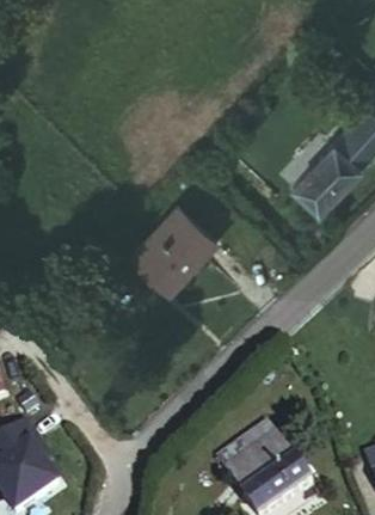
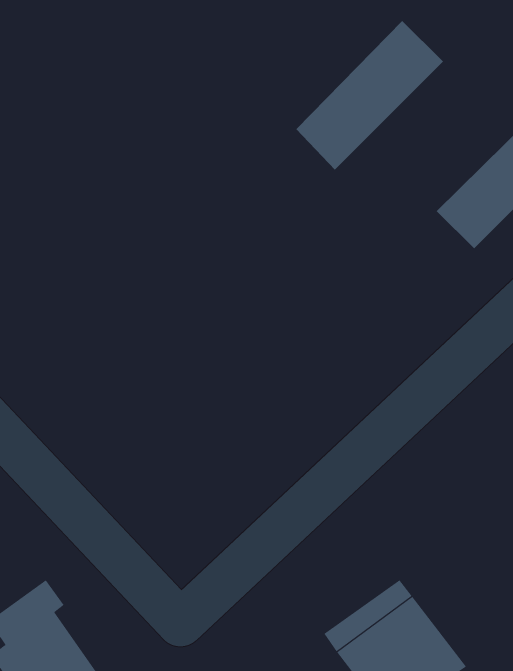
building: none -> [295,20,444,170]
building: [125,202,209,284] -> none

